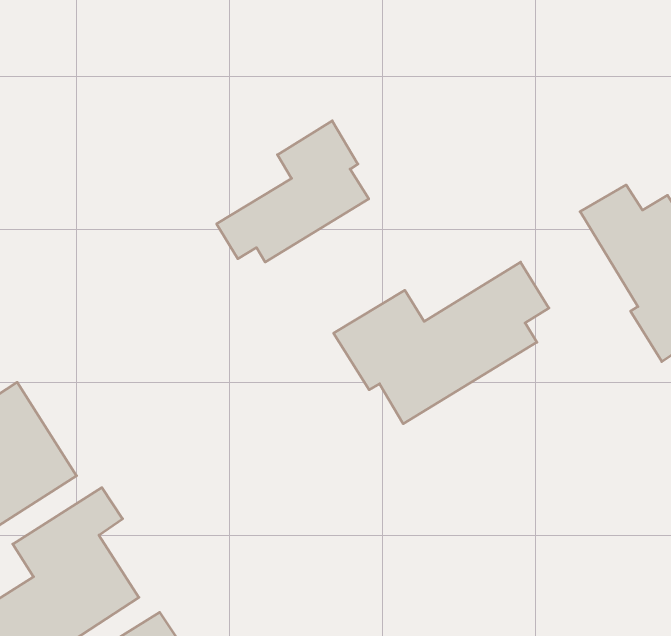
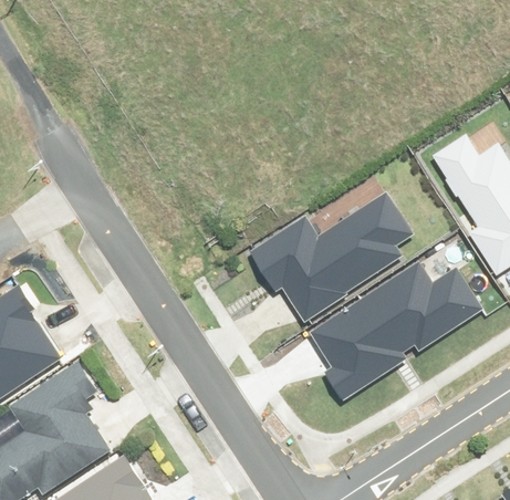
building: [217,121,369,262] -> none
building: none -> [314,269,479,394]

